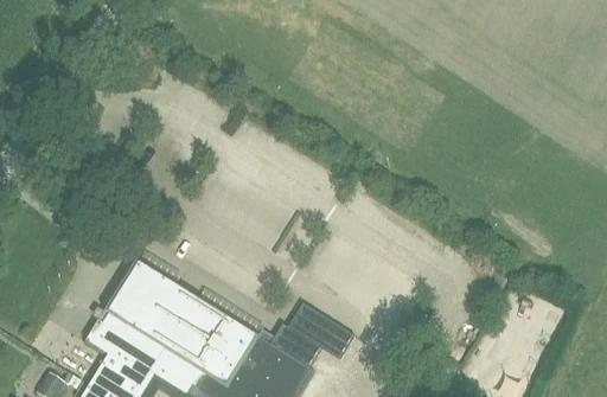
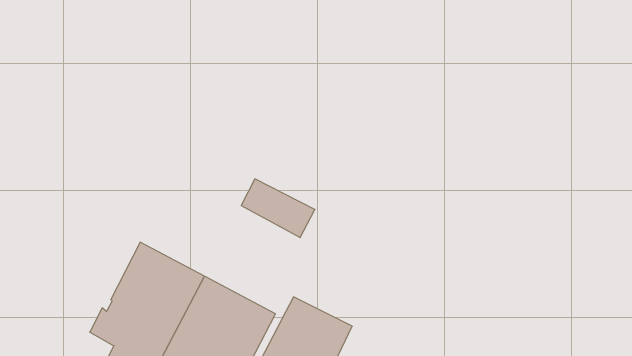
building: [287,302,354,359] -> [241,179,315,238]

